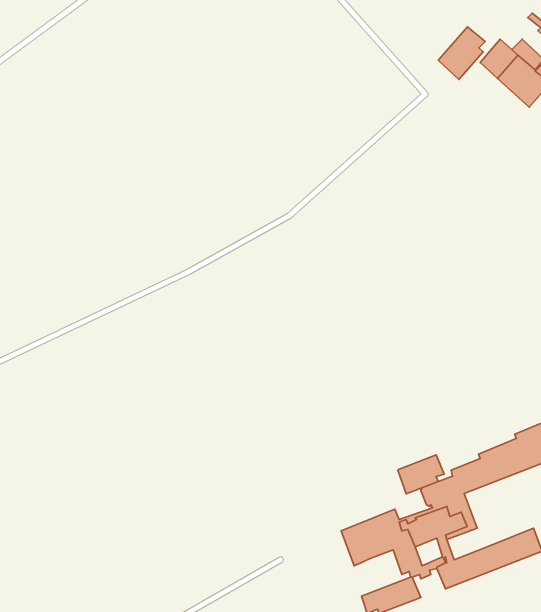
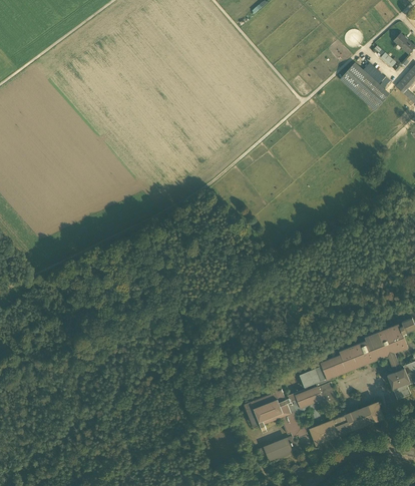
building: [439,27,485,79] -> none
building: [398,455,444,494] -> none

